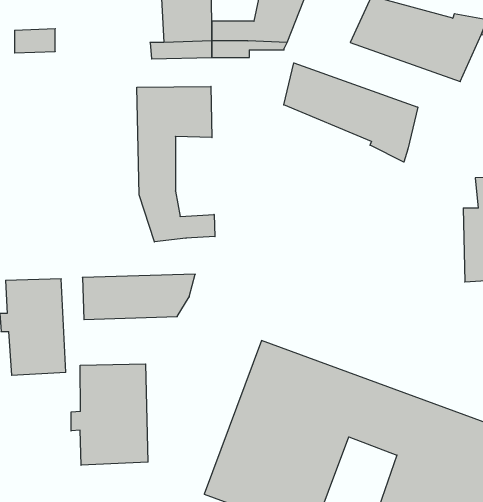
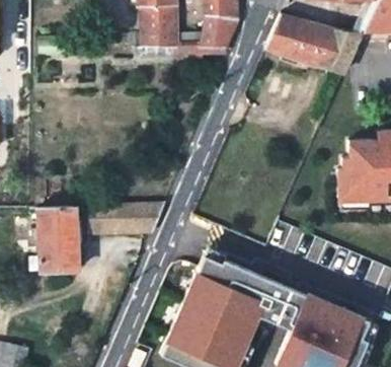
building: [284,63,418,162] -> none
building: [137,86,215,242] -> none
building: [71,364,148,465] -> none

